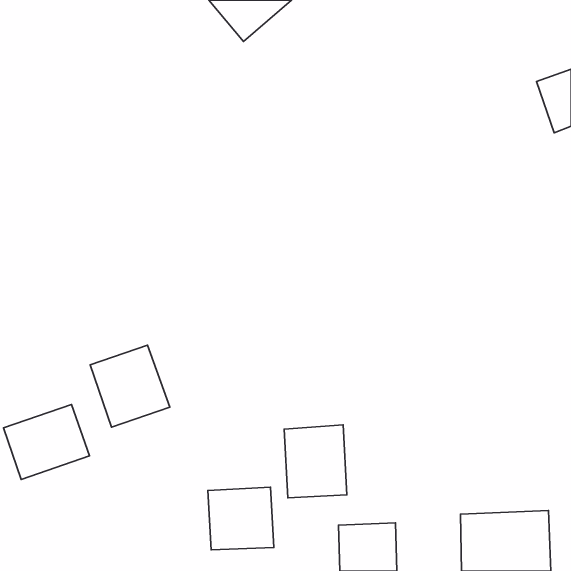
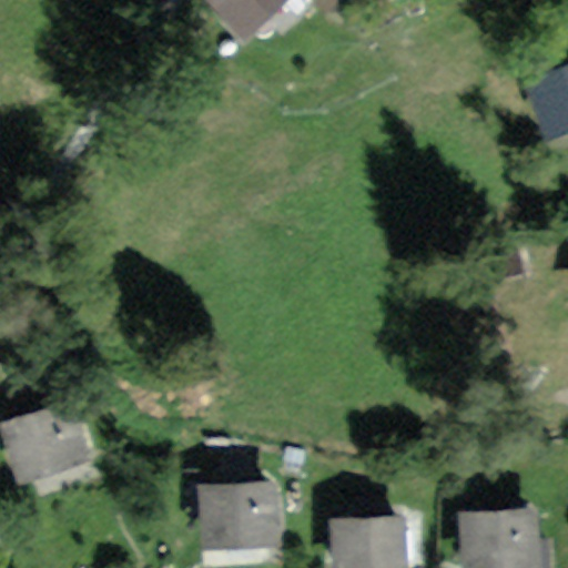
building: [90,345,170,427] -> none
building: [284,425,347,498] -> none

